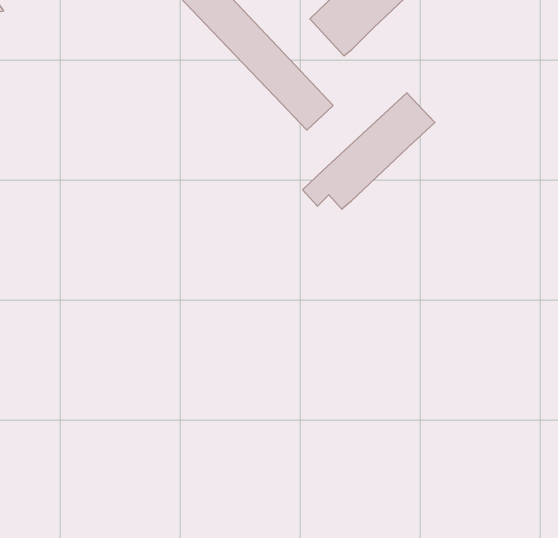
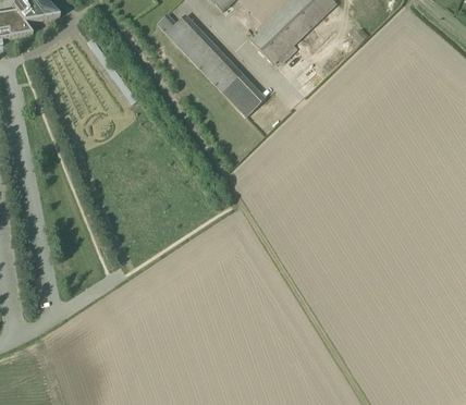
building: [303,93,435,209] -> none

